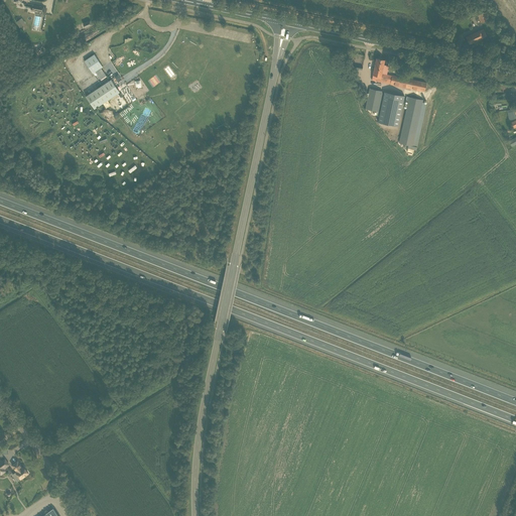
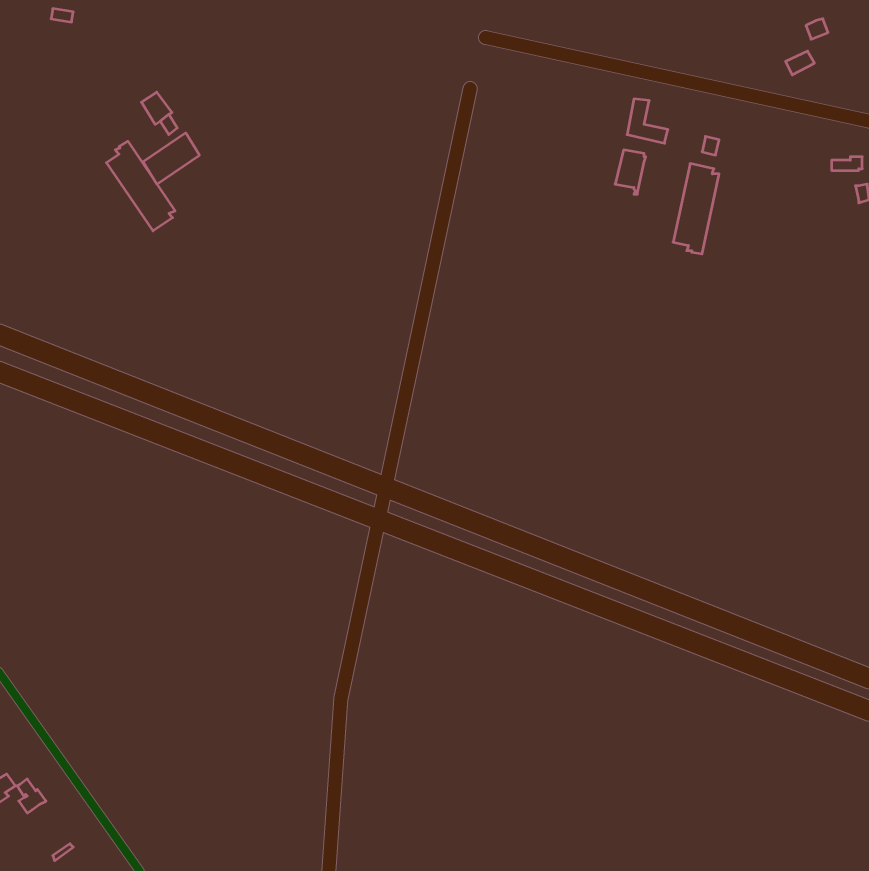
building: none -> [106,141,175,231]
building: [377,92,403,126] -> none

